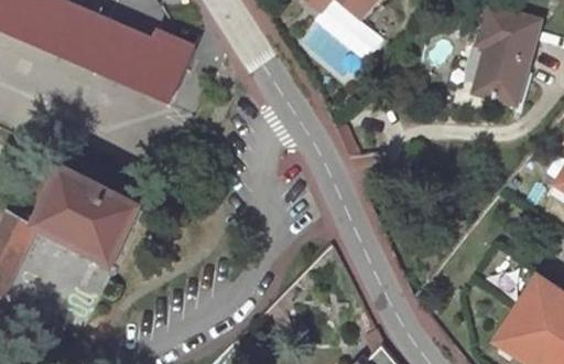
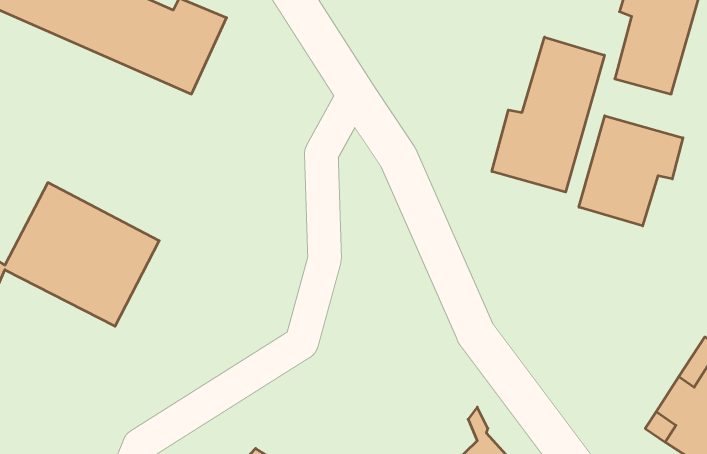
building: none -> [492,37,604,192]
building: none -> [579,116,683,226]

